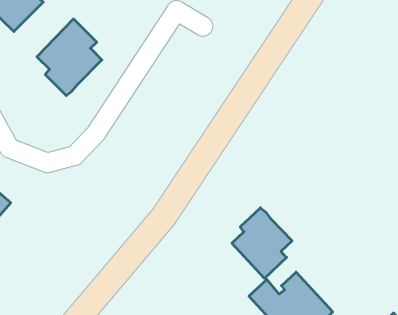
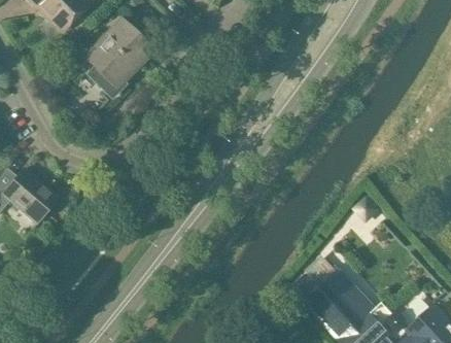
building: [232,208,292,278] -> none

